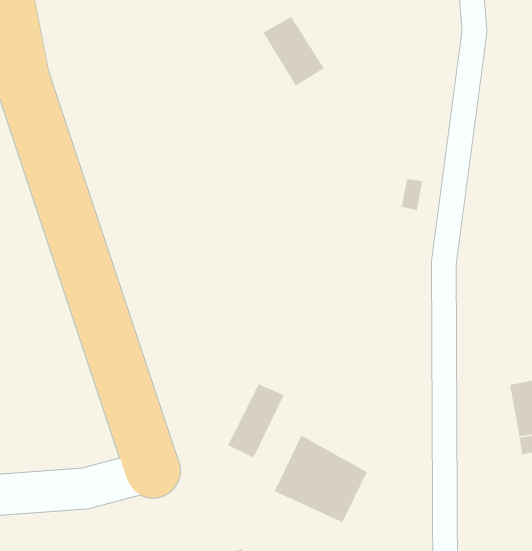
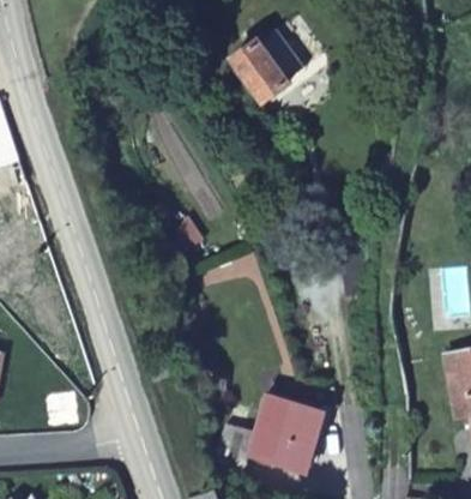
building: [227,383,285,459] -> none

